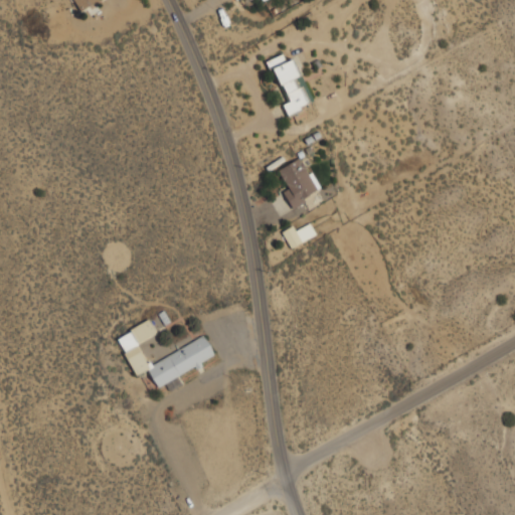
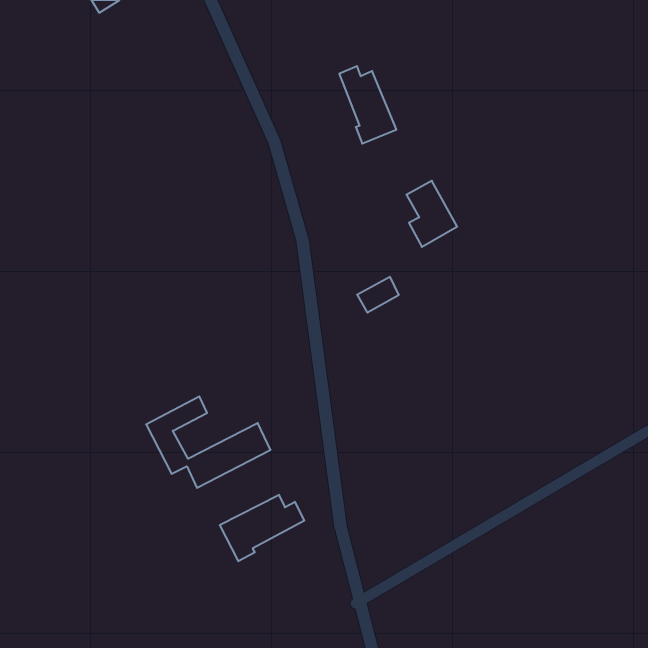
building: [280,157,320,209] -> [406,181,457,247]
building: none -> [220,495,304,561]

